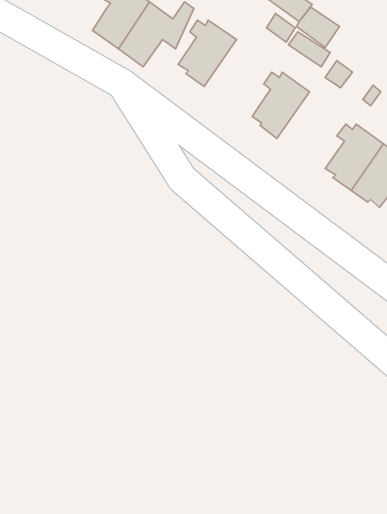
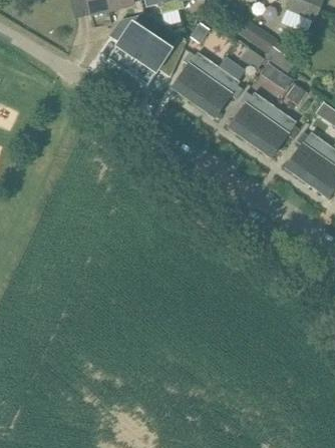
building: none -> [193,66,242,115]
building: none -> [249,106,298,155]

